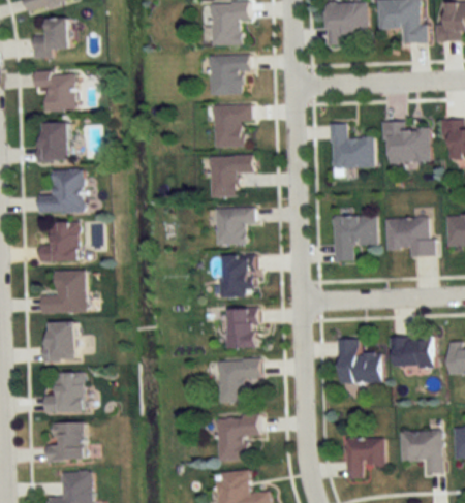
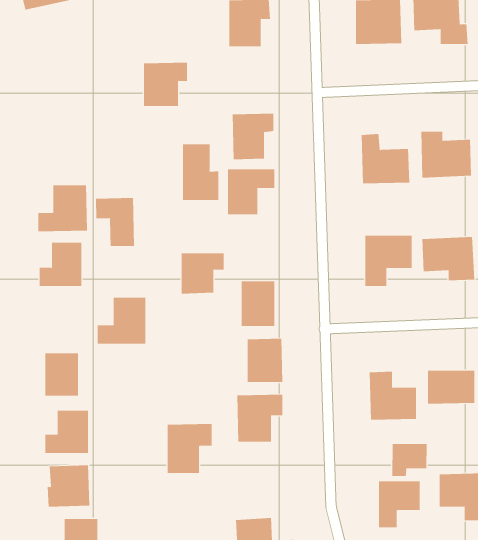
building: [32,18,68,58] -> none
building: [210,54,250,94] -> [143,62,188,107]
building: [34,71,73,111] -> none
building: [37,122,68,160] -> none
building: none -> [183,143,219,201]
building: none -> [95,197,135,247]
building: [216,208,255,245] -> [181,253,224,294]
building: [40,270,85,312] -> [97,297,146,344]
building: none -> [392,443,427,477]
building: [218,414,259,460] -> [167,423,212,474]

